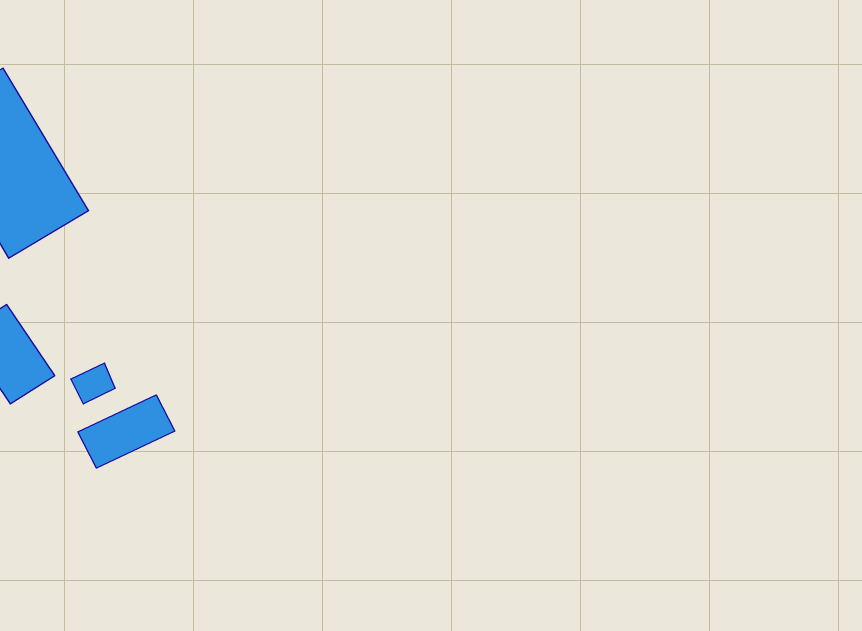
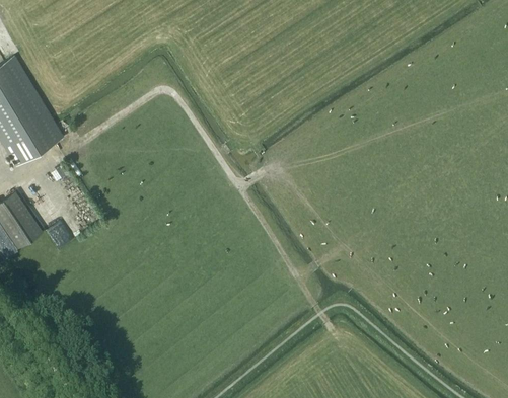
building: [78,395,175,468] -> none

